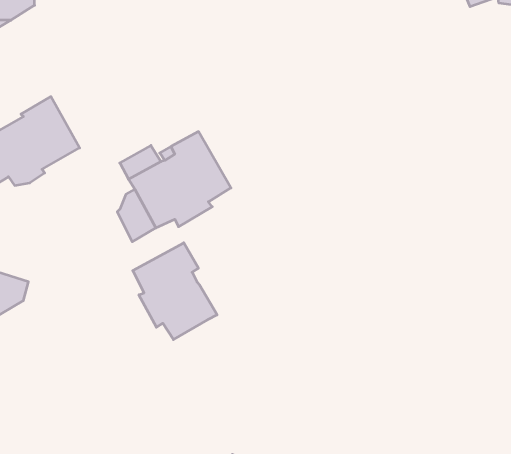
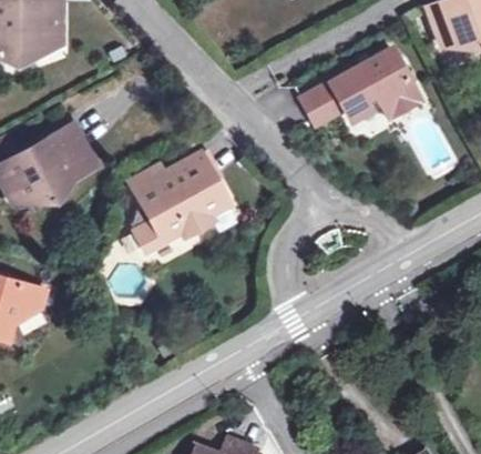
building: none -> [300,49,420,125]
building: [133,243,217,340] -> none

